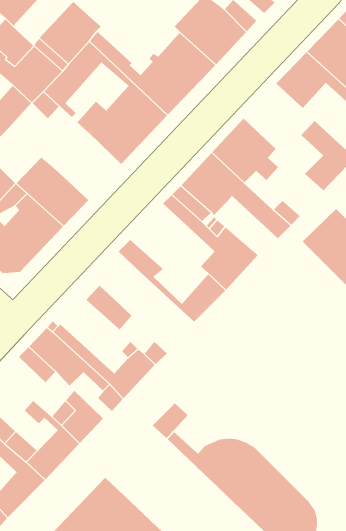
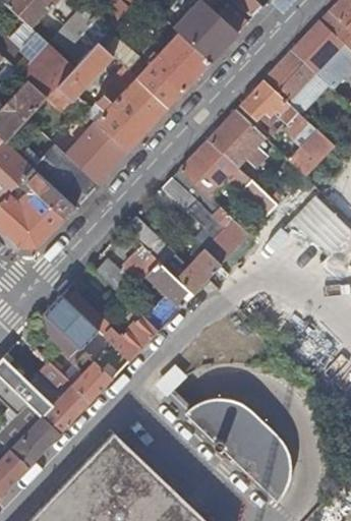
building: none -> [239,80,298,126]
building: none -> [67,125,126,184]
building: none -> [123,248,191,307]

